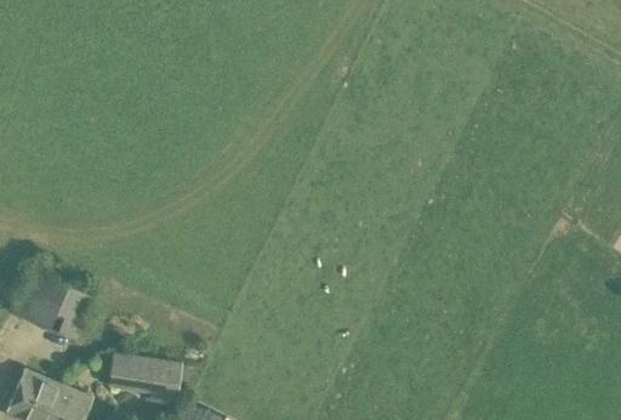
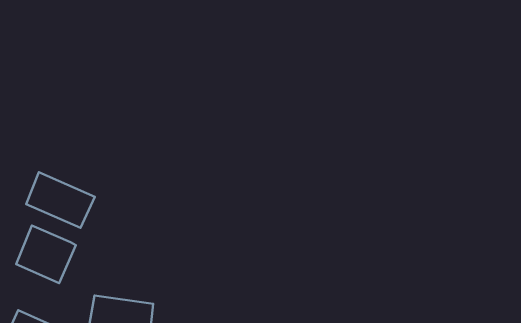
building: none -> [26,172,95,228]

